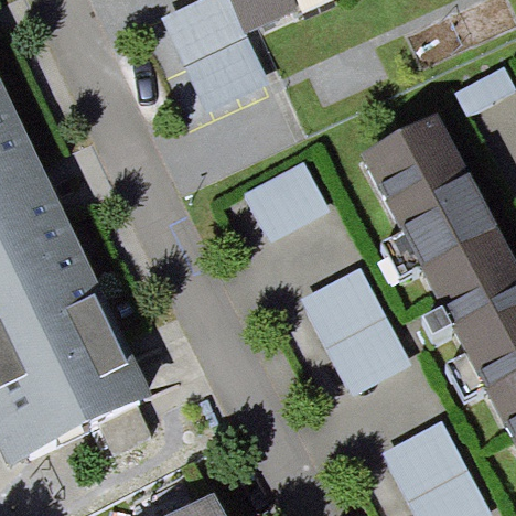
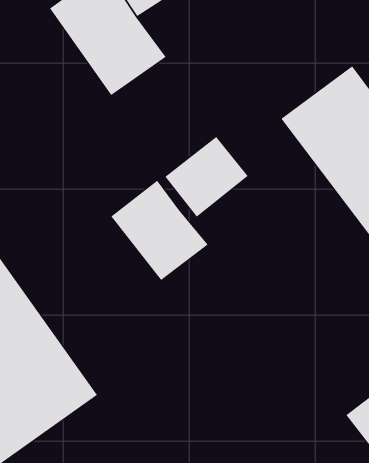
building: none -> [111,180,209,281]
building: [299,266,413,396] -> none

